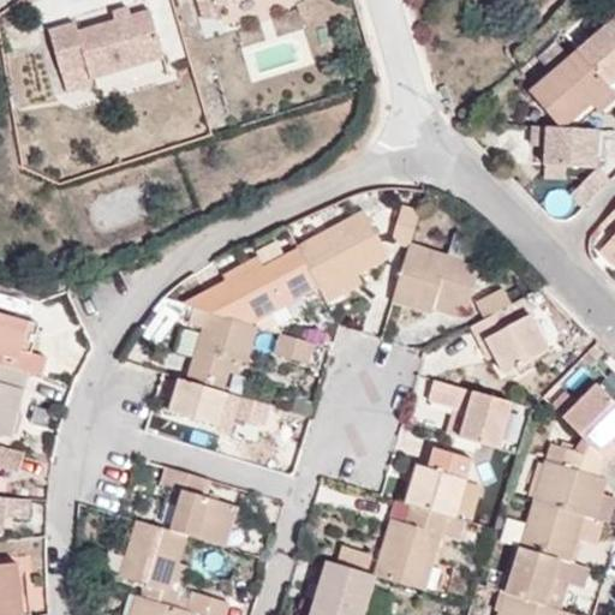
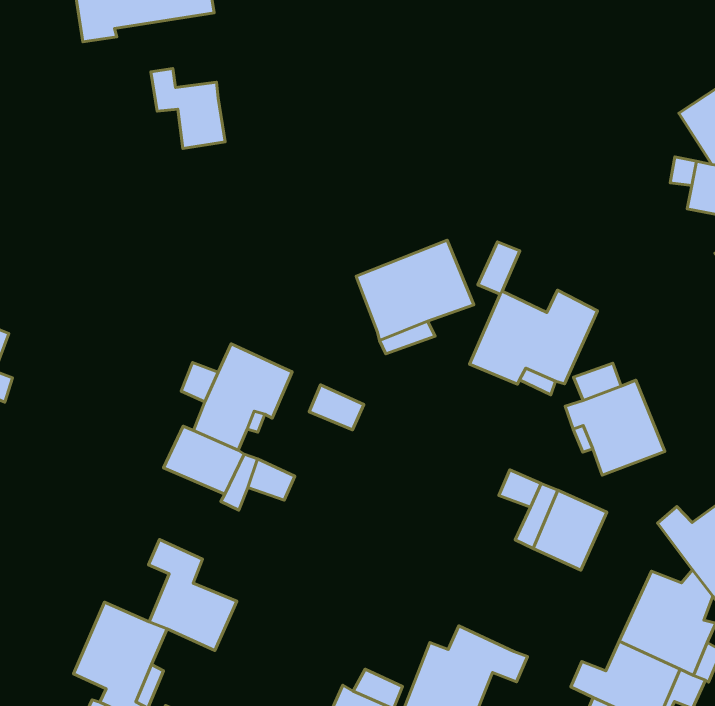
building: none -> [151,69,225,148]
building: [186,249,320,323] -> none
building: [406,450,471,518] -> none

